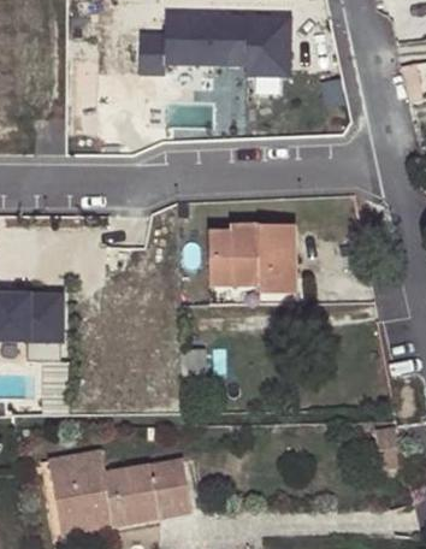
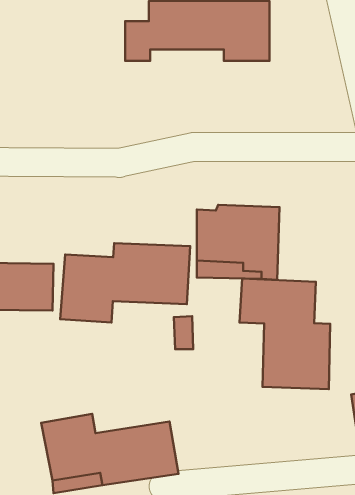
building: none -> [60,243,190,323]
building: none -> [240,278,330,389]

